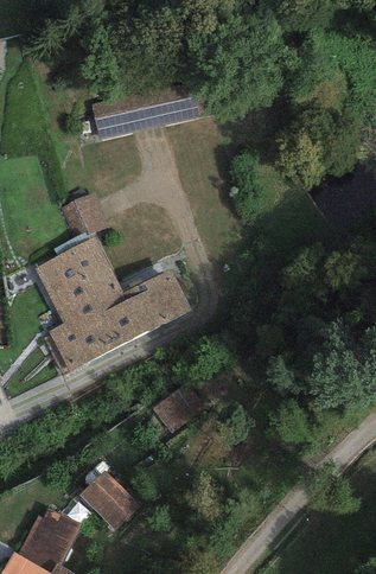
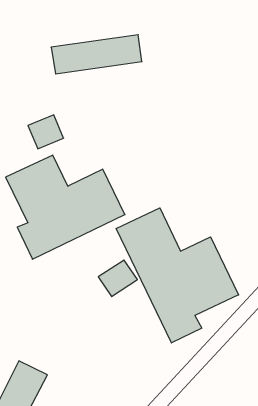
building: none -> [116,208,239,343]
building: [84,479,139,532] -> none

